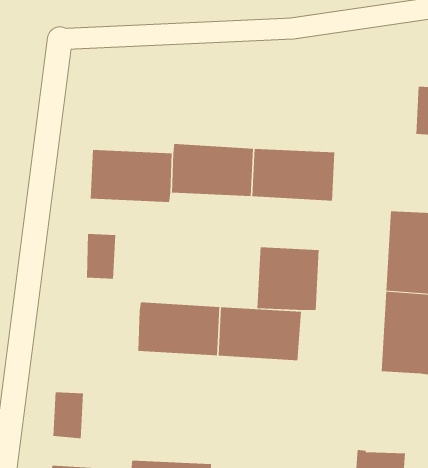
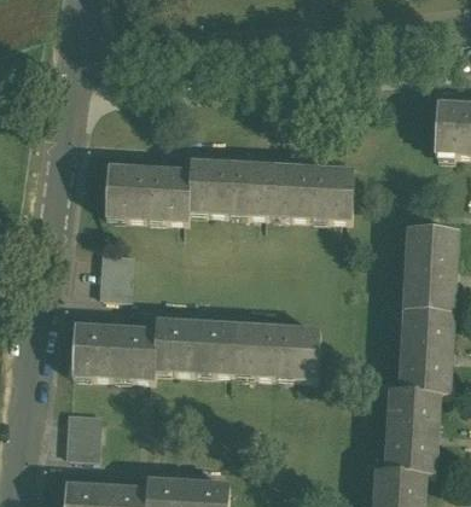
building: [257,247,319,311] -> none
building: none -> [72,324,155,378]
building: none -> [384,389,438,472]

